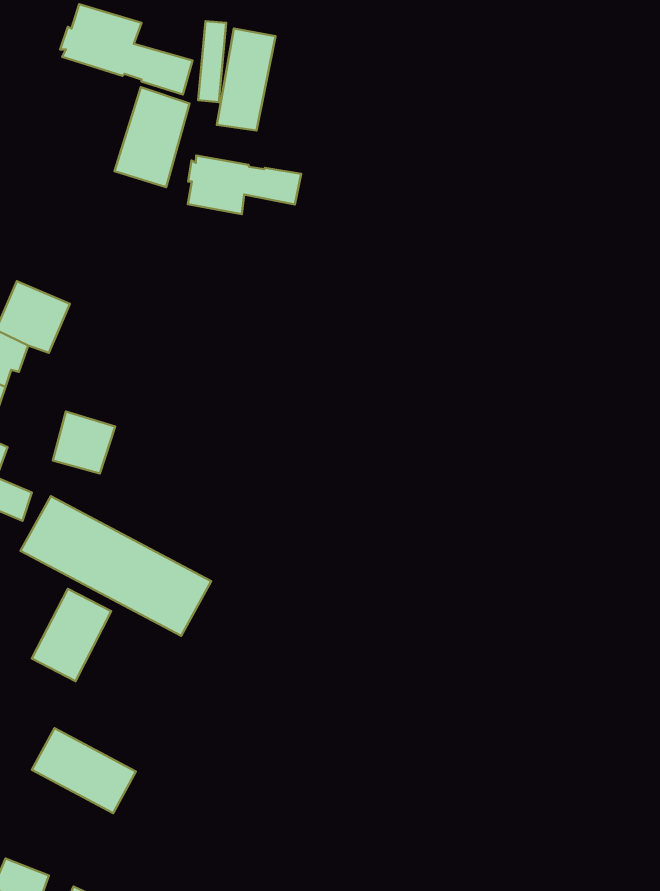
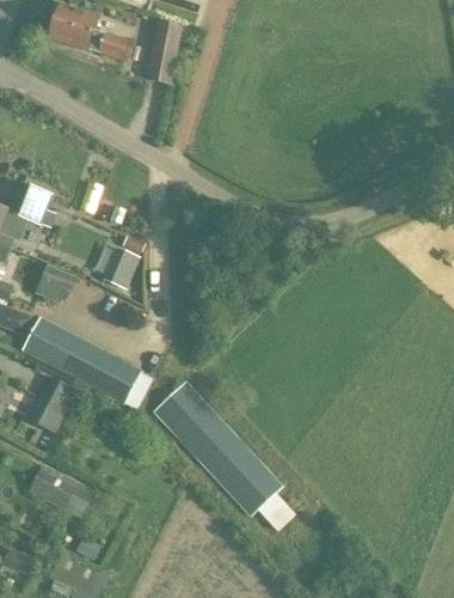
building: [114,87,189,187] -> none
building: [188,155,301,214] -> none
building: none -> [103,245,140,288]
building: none -> [151,380,284,518]

